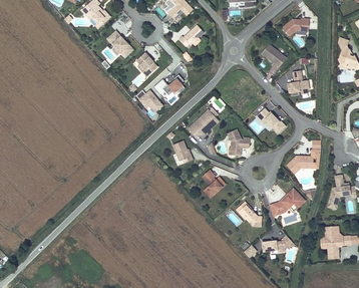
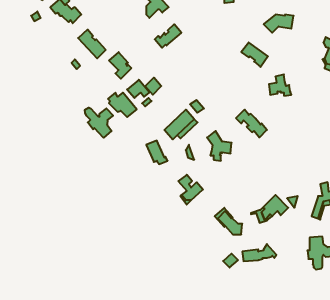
building: none -> [85,108,113,138]
building: [286,149,320,173] -> none

